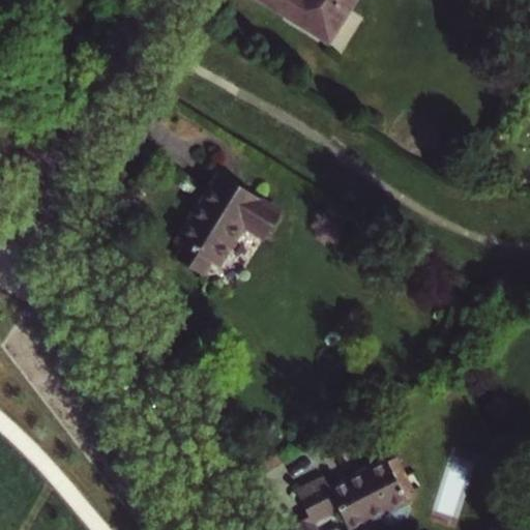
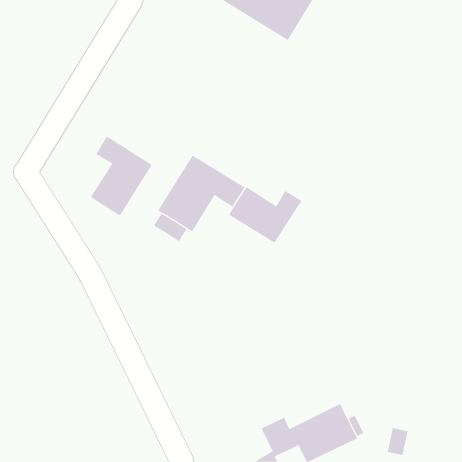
building: none -> [90,136,152,216]
building: none -> [229,186,302,244]

